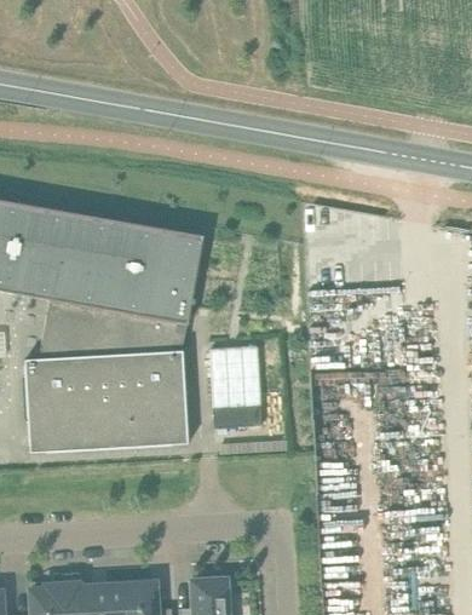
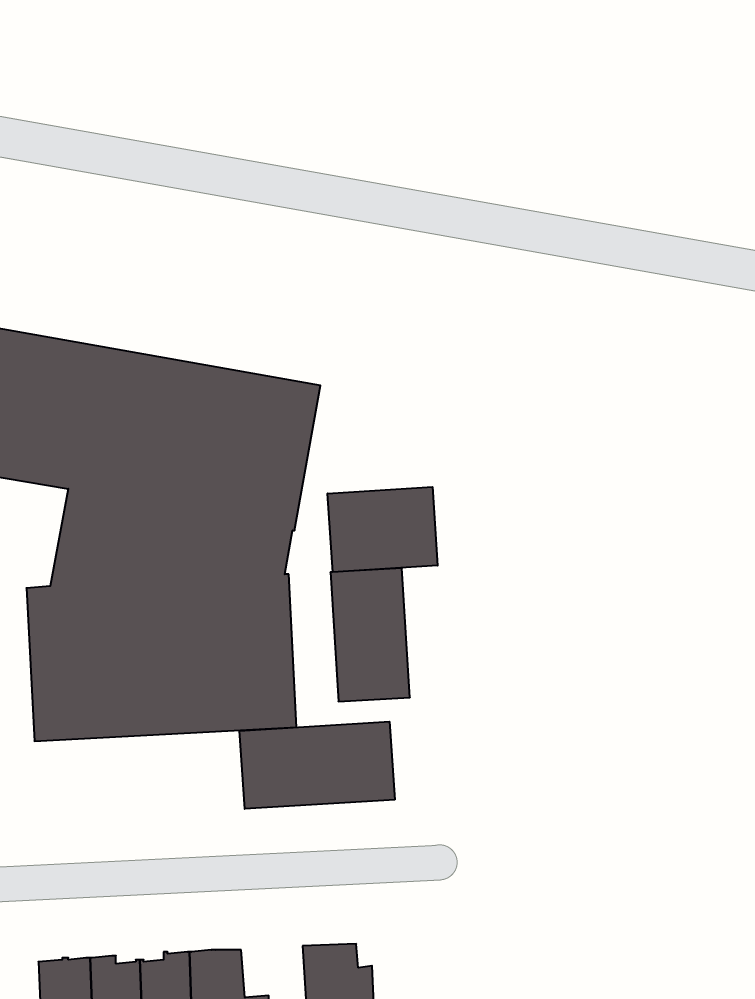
building: none -> [328,487,438,572]
building: none -> [239,722,395,809]

